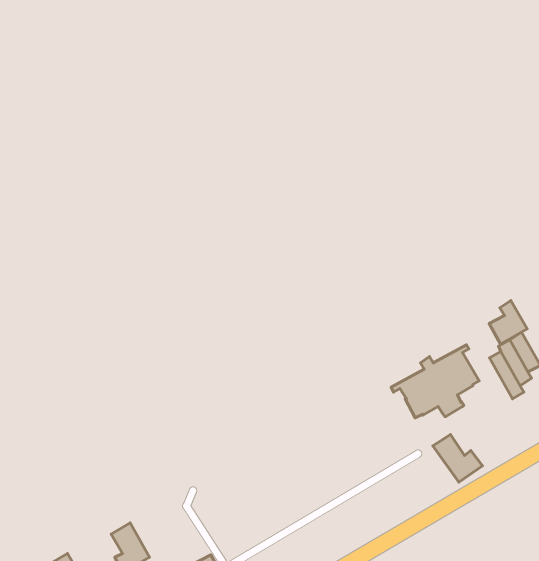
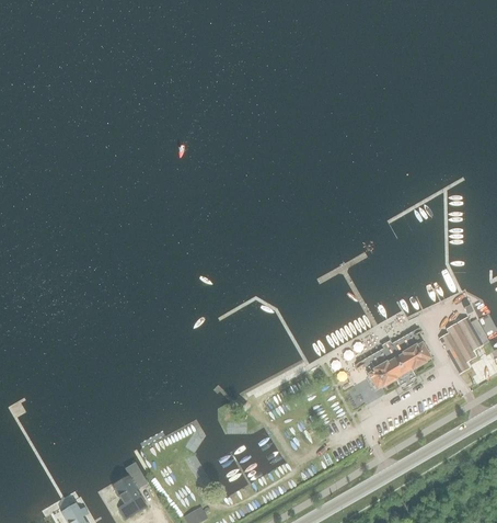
building: [489,300,527,344] -> none
building: [433,434,483,482] -> none

